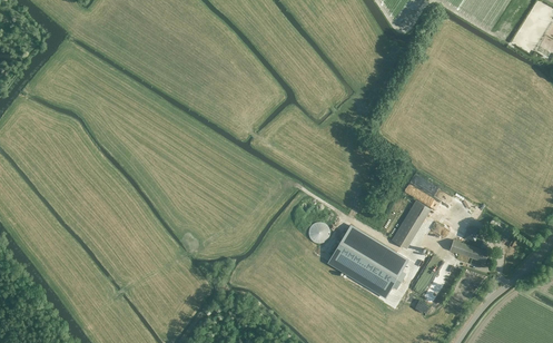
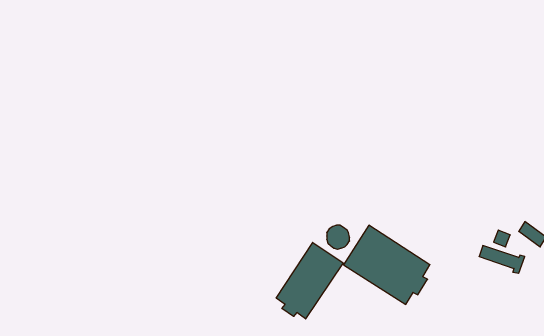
building: [392,203,431,248] -> none
building: none -> [276,242,343,319]

